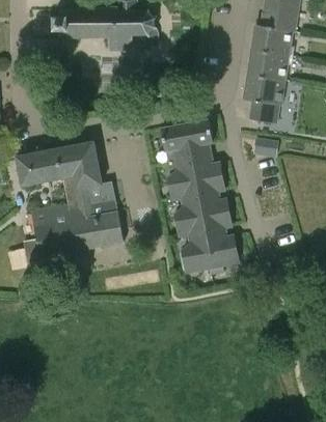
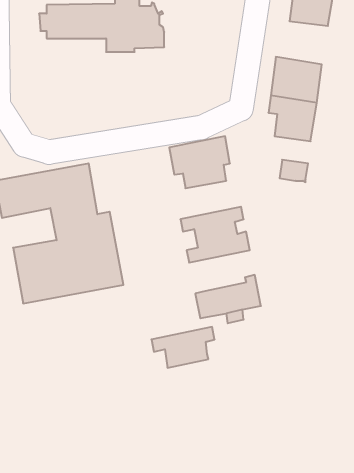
building: [250,22,294,58] -> none
building: [168,156,221,188] -> none
building: [178,214,230,248] -> [151,327,215,368]

